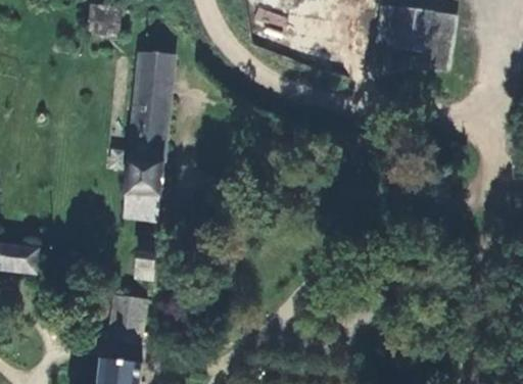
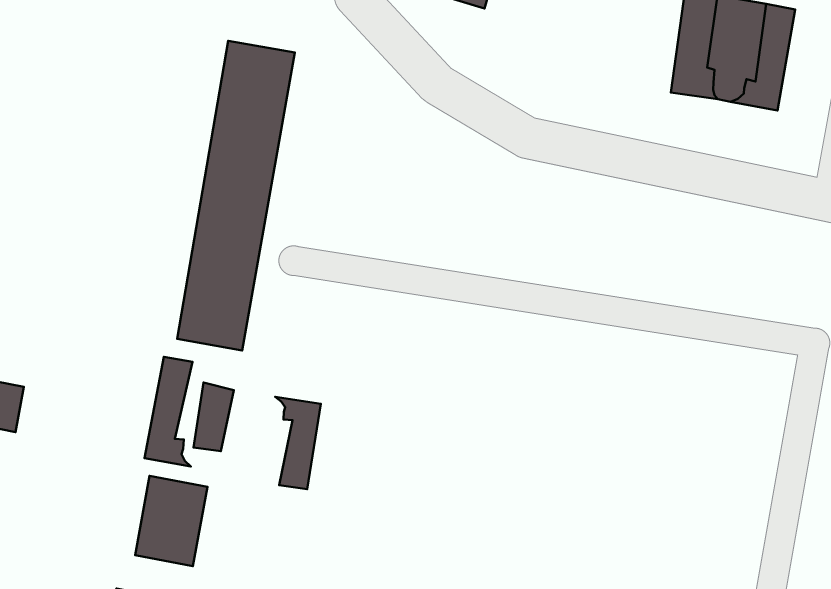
building: none -> [144,357,192,467]
building: none -> [275,397,321,489]

